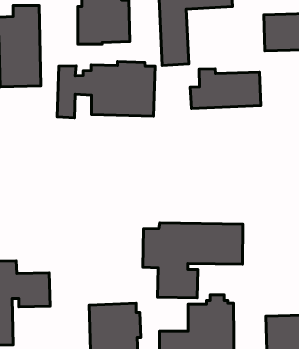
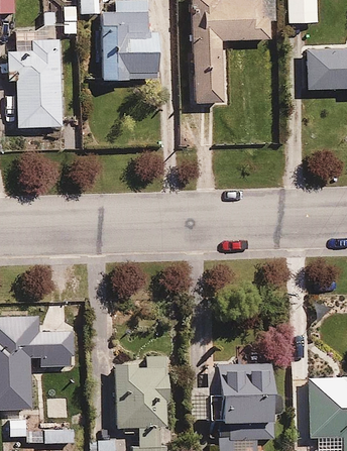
building: [57,62,155,118] -> none
building: [190,69,261,109] -> none
building: [143,223,243,298] -> none

